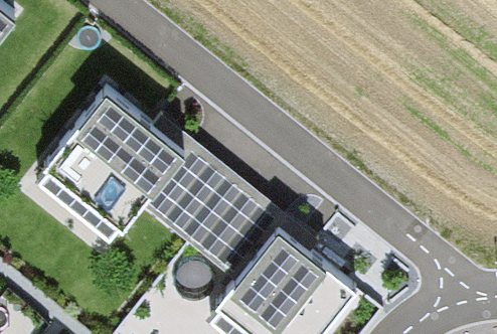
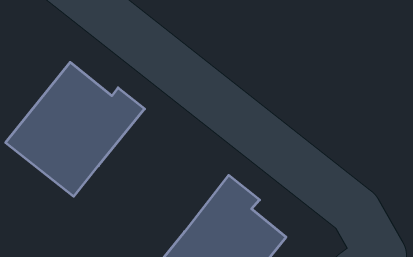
building: [139,143,287,283] -> none

